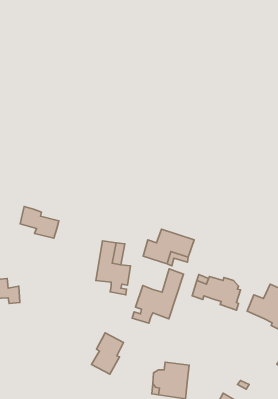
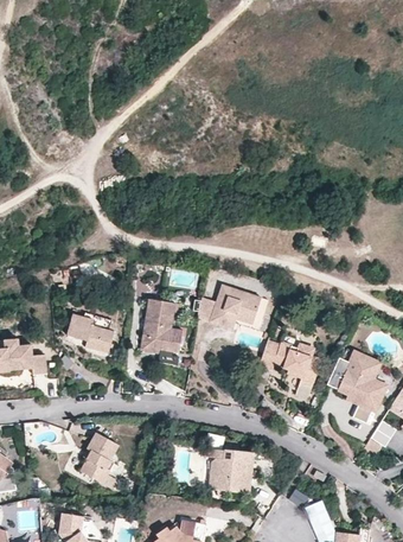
building: [20,206,59,238] -> [65,315,113,355]
building: [132,269,183,323] -> none
building: [92,333,123,374] -> [78,433,117,484]

